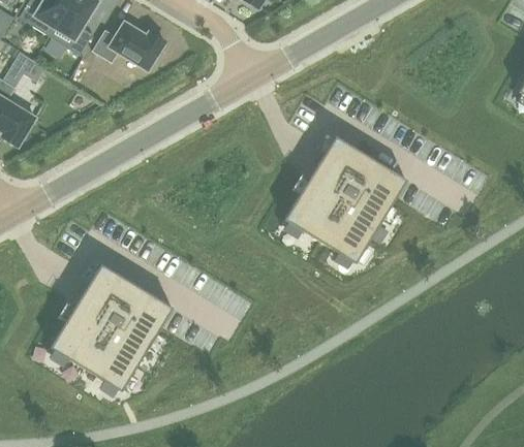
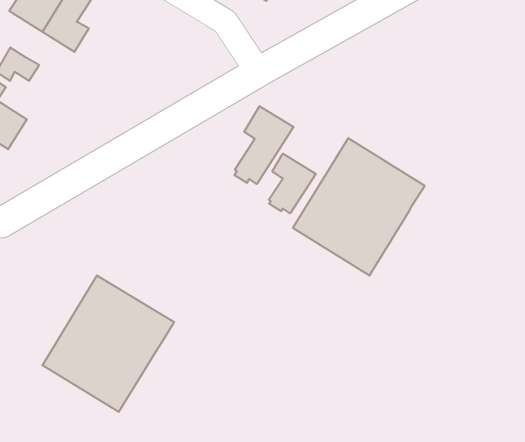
building: [91,22,164,70] -> none
building: none -> [235,106,293,184]
building: none -> [269,154,316,213]

